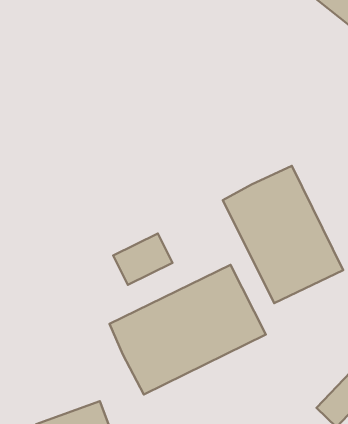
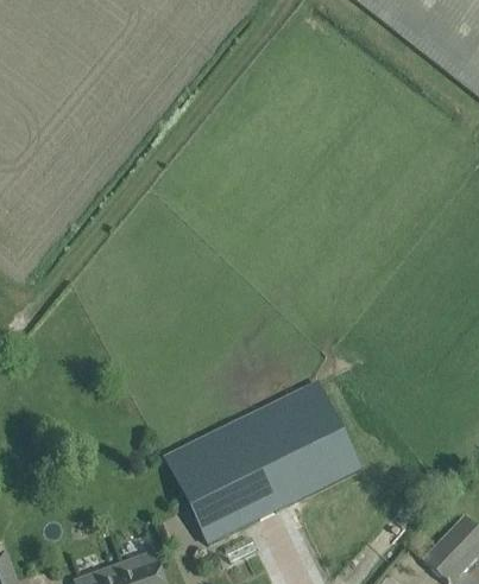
building: [223,166,343,303] -> none
building: [113,234,172,285] -> none

